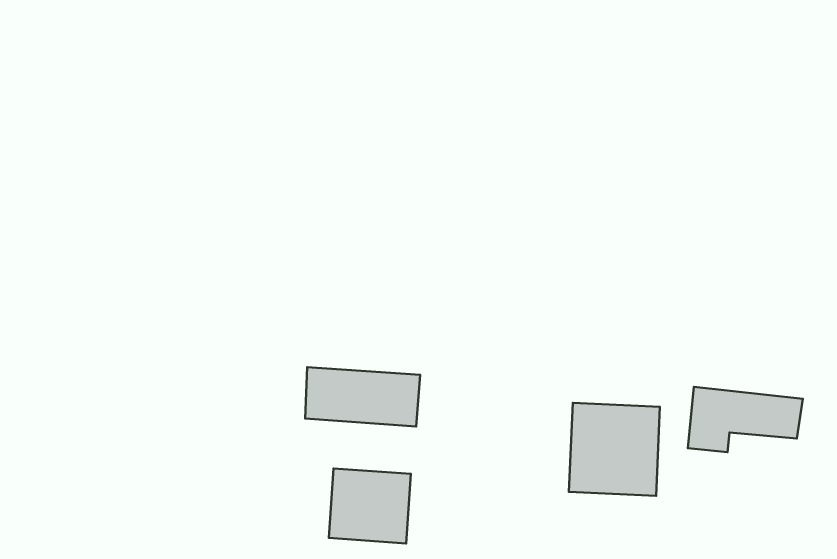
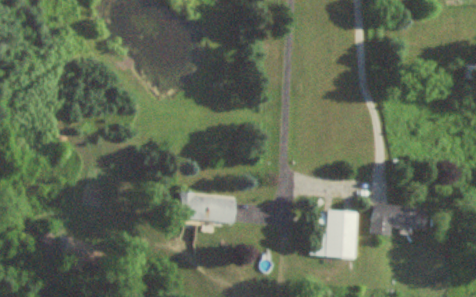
building: [329,468,411,543] -> none

